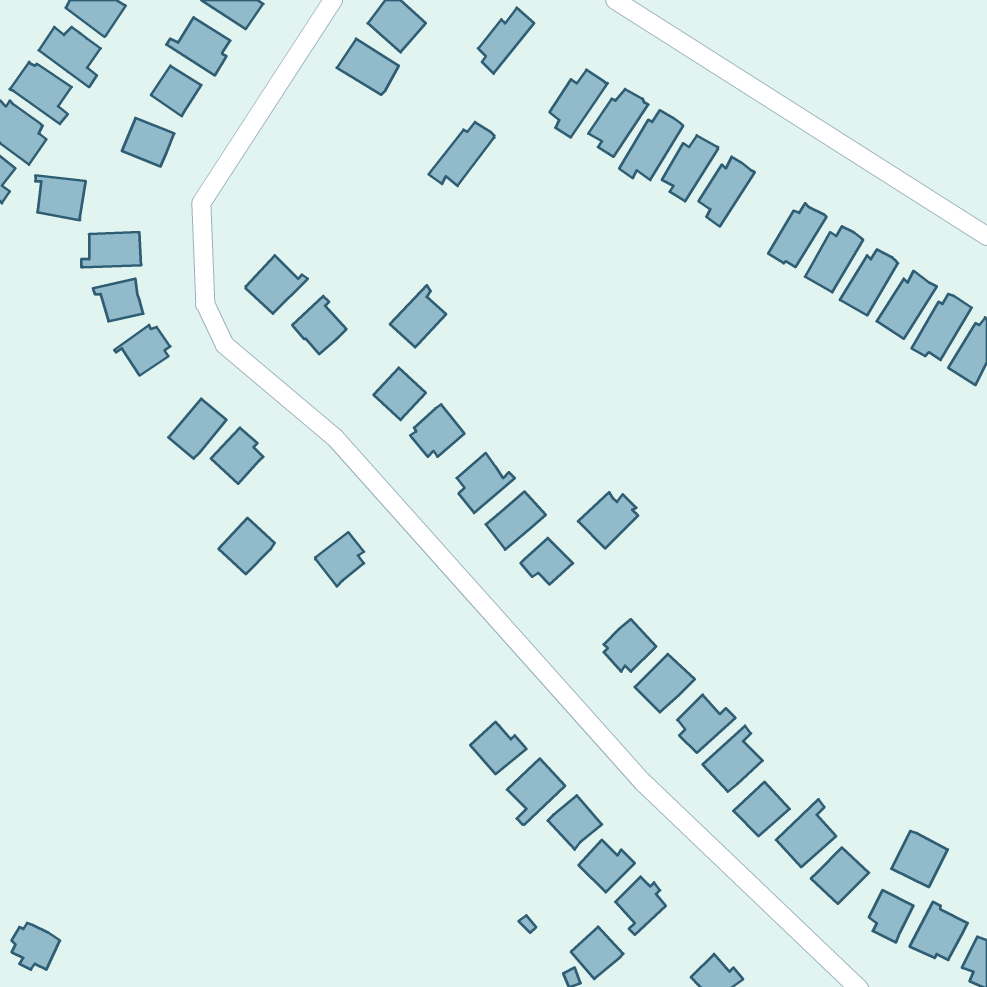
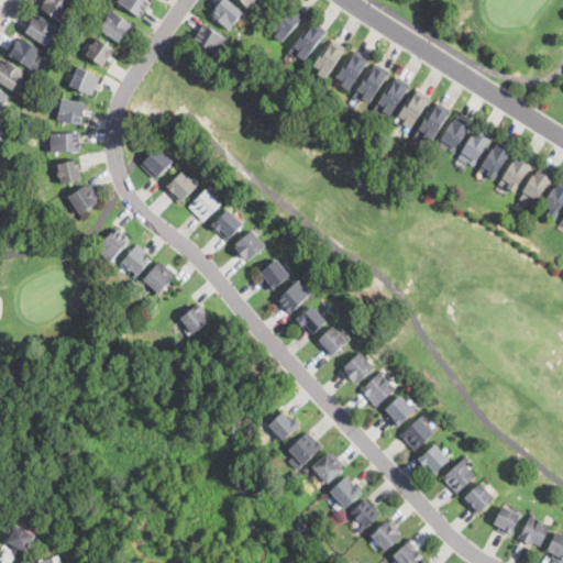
building: [429,122,494,186] -> [287,23,324,59]
building: [35,176,86,220] -> [56,99,85,124]
building: none -> [413,103,450,141]
building: [390,285,446,347] -> [188,186,220,221]
building: [578,492,638,548] -> [314,325,349,357]
building: [219,518,275,574] -> [142,262,174,294]
building: [891,831,948,887] -> none
building: [571,927,623,979] -> [371,521,400,551]

